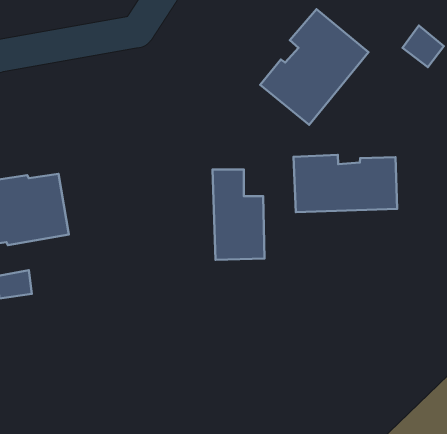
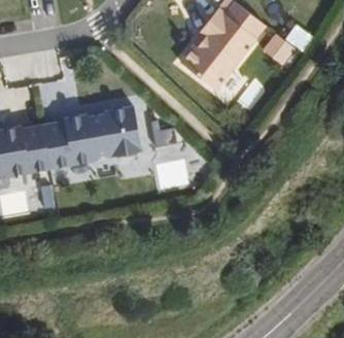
building: none -> [43,106,141,167]
building: [293,155,397,212] -> none

